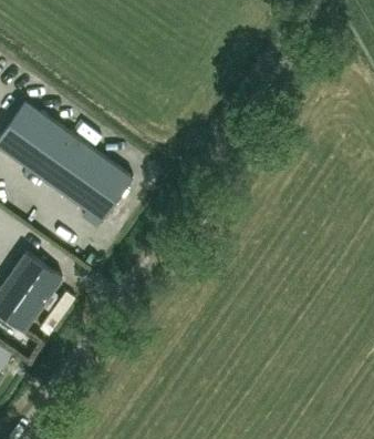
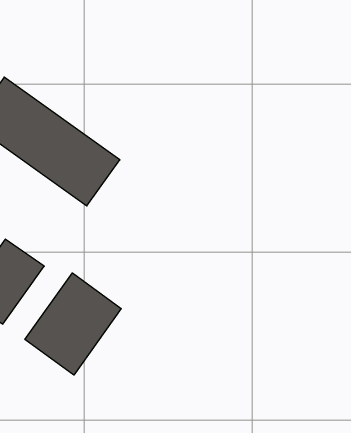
building: none -> [25,273,121,375]

